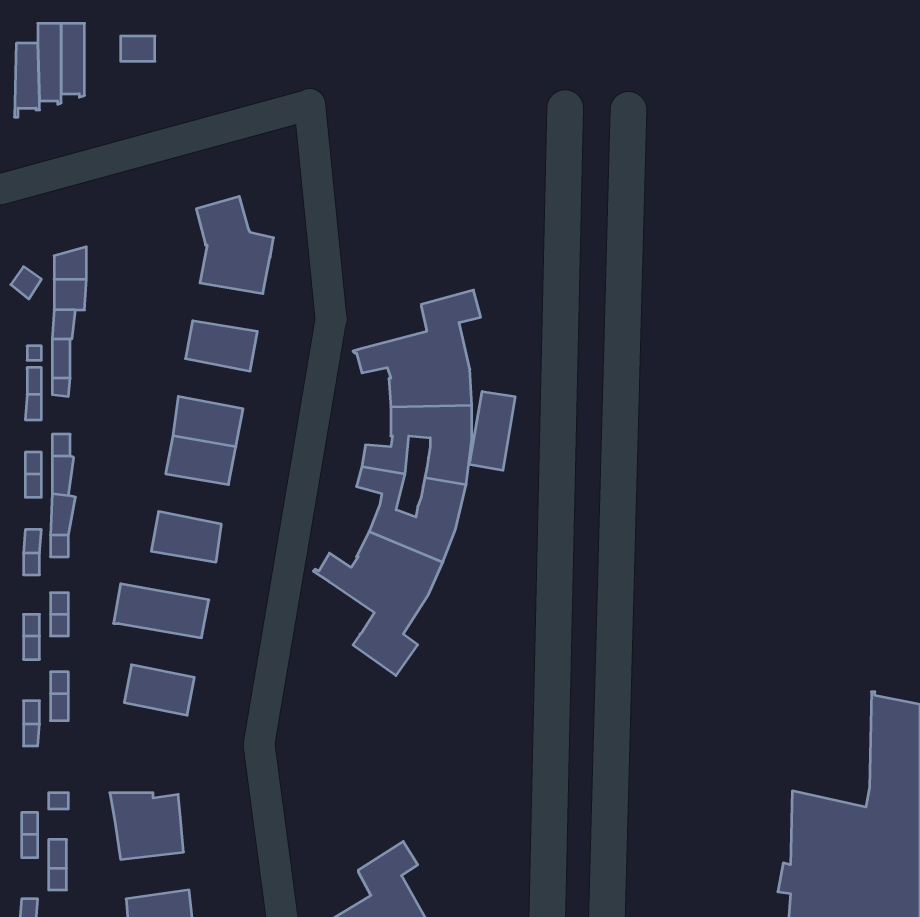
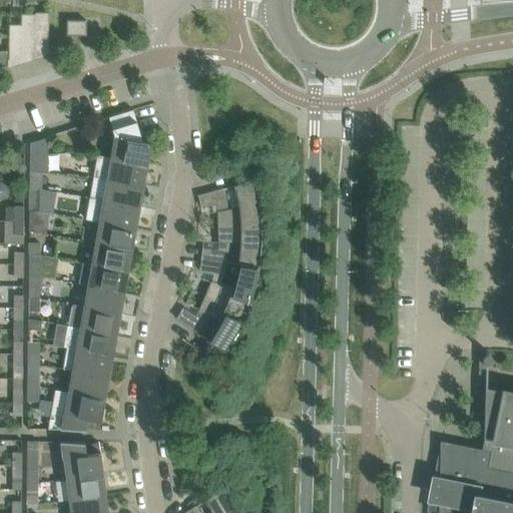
building: none -> [94,156,146,186]
building: none -> [88,199,139,229]
building: [469,391,515,470] -> none
building: none -> [78,264,127,294]
building: none -> [68,306,120,336]
building: none -> [63,349,112,379]
building: none -> [48,391,104,431]
building: none -> [67,476,105,502]

